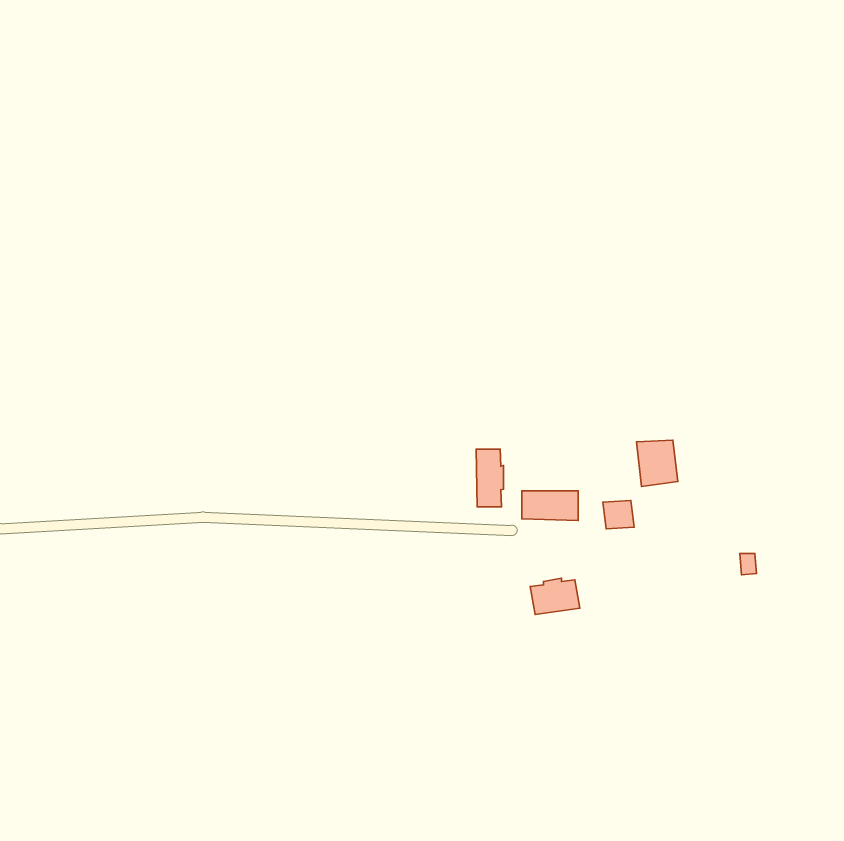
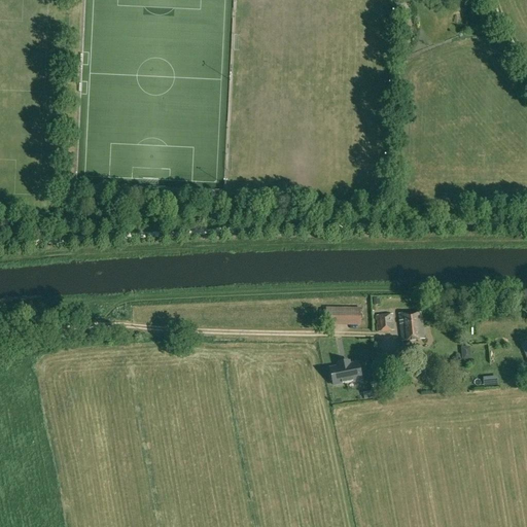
building: [637,440,678,486] -> [398,311,424,340]
building: [476,449,504,507] -> none

